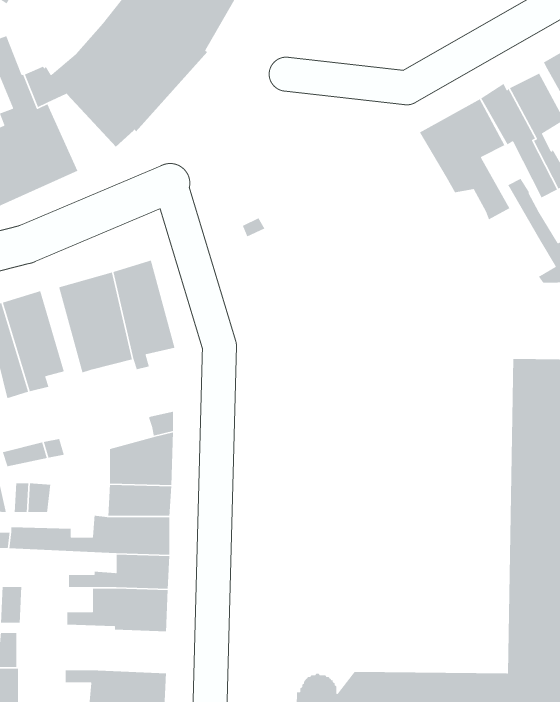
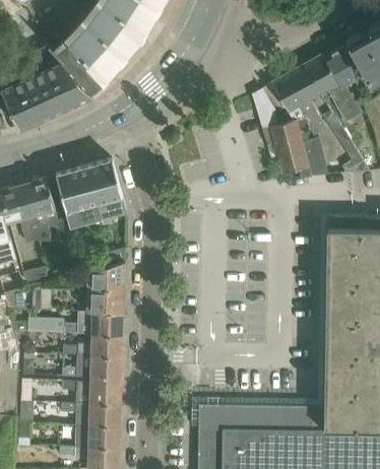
building: none -> [50,61,92,107]
building: none -> [251,89,328,179]
building: none -> [61,381,121,406]

